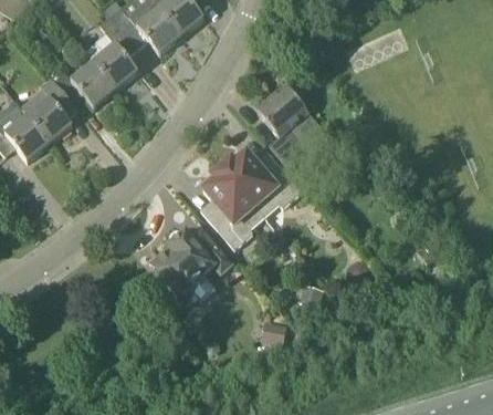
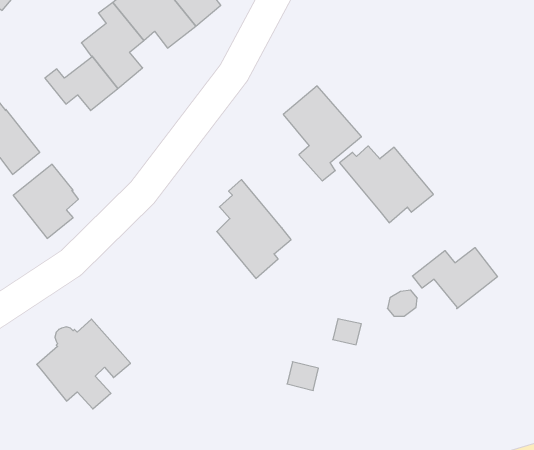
building: [20,80,75,143] -> [13,164,78,238]
building: [220,152,300,217] -> [340,146,433,223]
building: none -> [412,248,497,309]
building: [153,225,232,301] -> [37,319,130,409]

